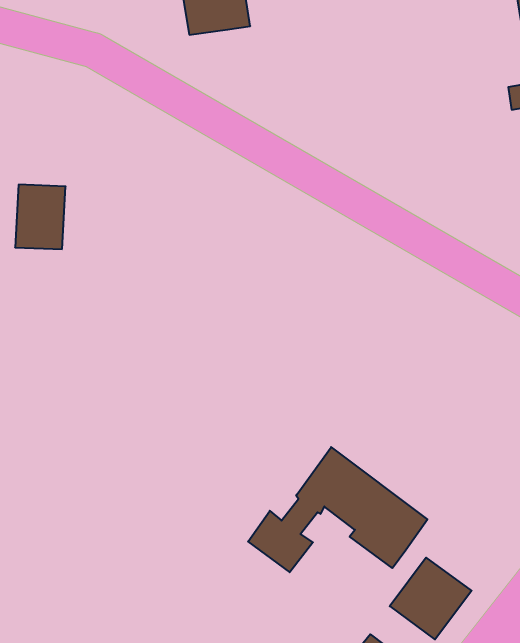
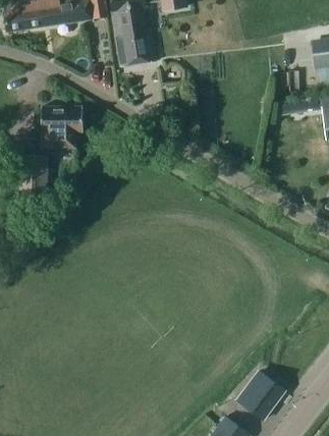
building: none -> [41,105,81,148]
building: [248,447,427,572] -> none

